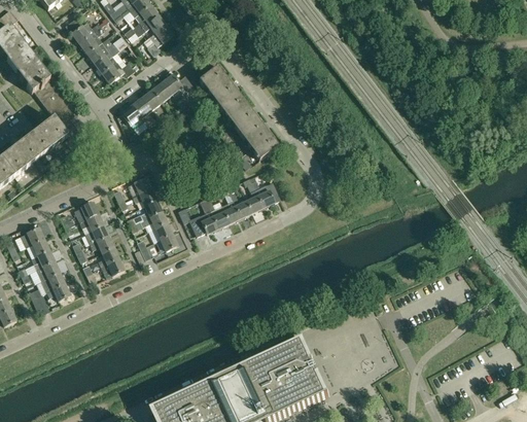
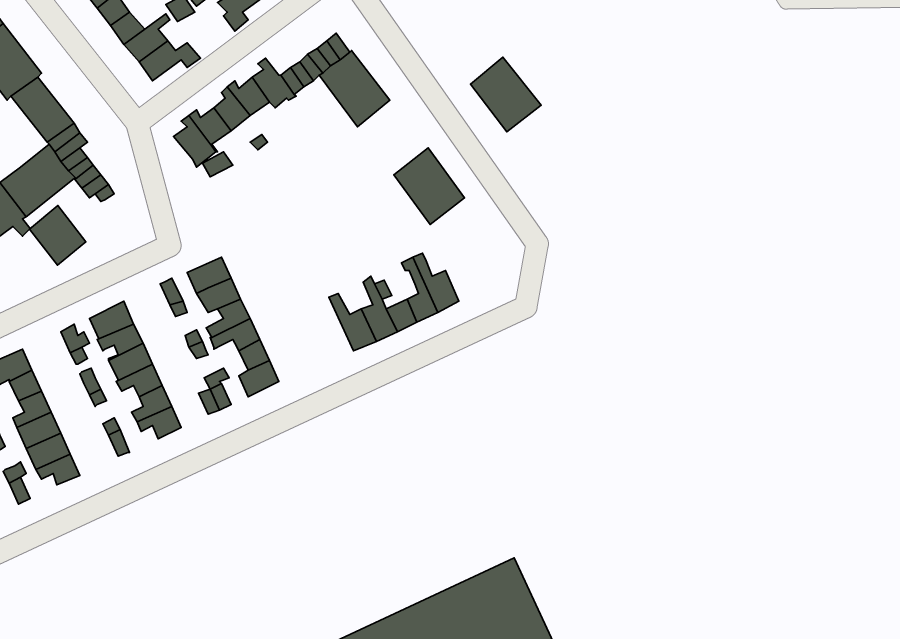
building: [219,92,257,132] -> [470,57,541,132]
building: none -> [29,206,86,265]
building: [188,198,217,234] -> none

